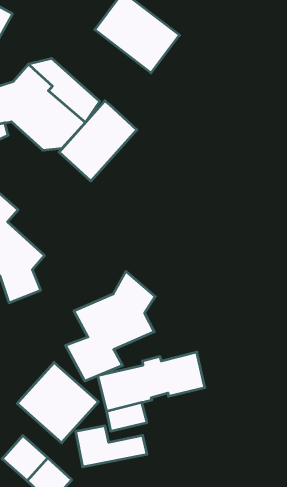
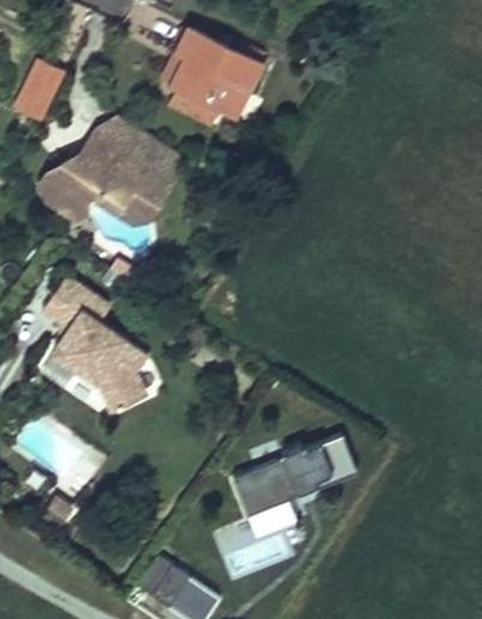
building: [59,101,137,181] -> none
building: [66,271,155,381] -> none
building: [17,362,98,443] -> none

